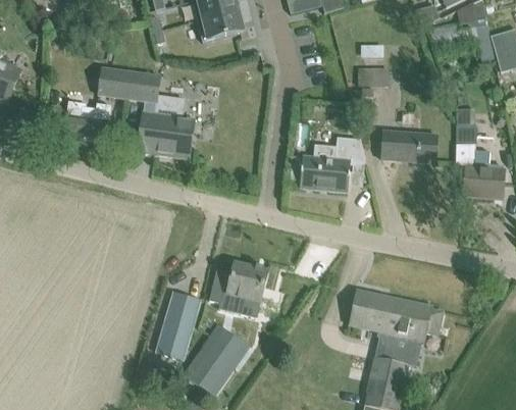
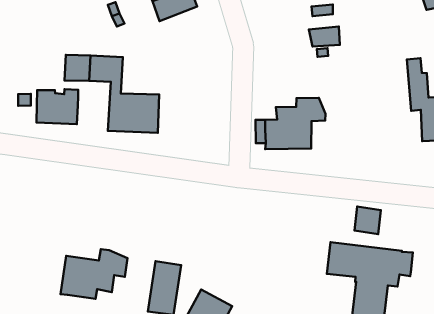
building: [382,129,437,162] -> none
building: none -> [354,206,381,234]
building: [210,262,268,317] -> none
building: none -> [61,249,128,299]

